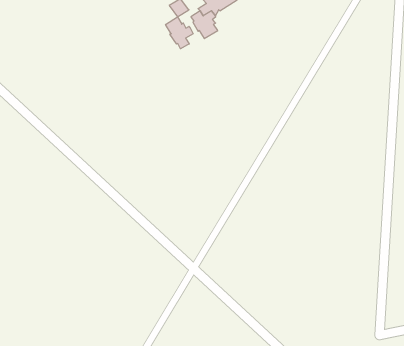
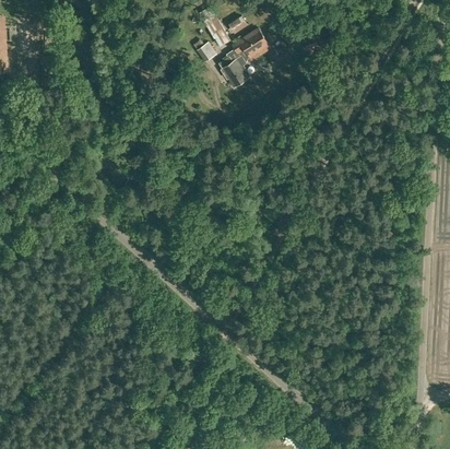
building: [166,17,193,49] -> none

